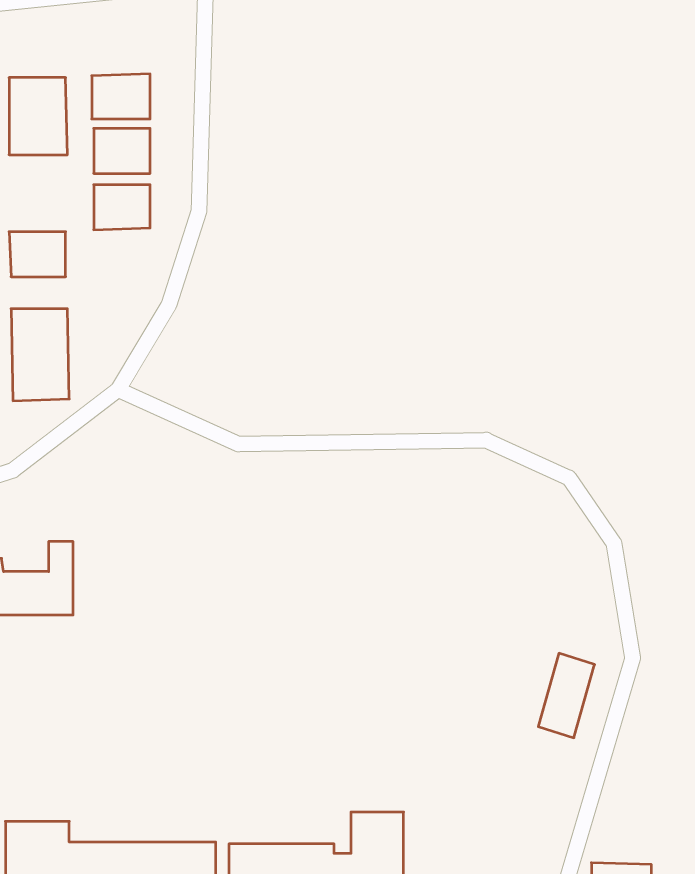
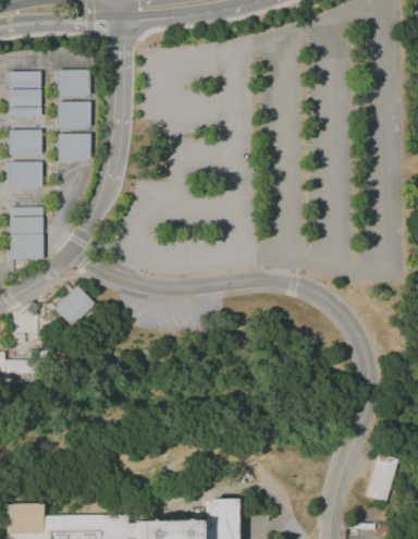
building: none -> [9,130,42,157]
building: none -> [53,285,97,329]
building: [538,653,595,738] -> [367,454,399,503]

